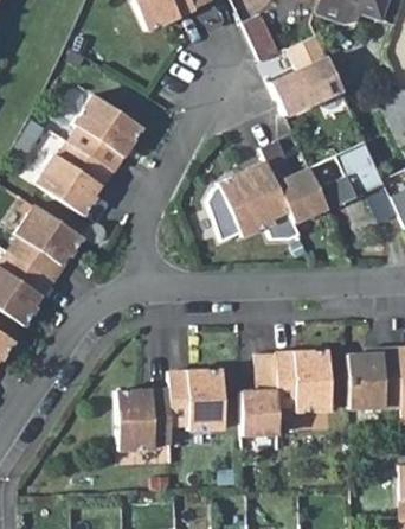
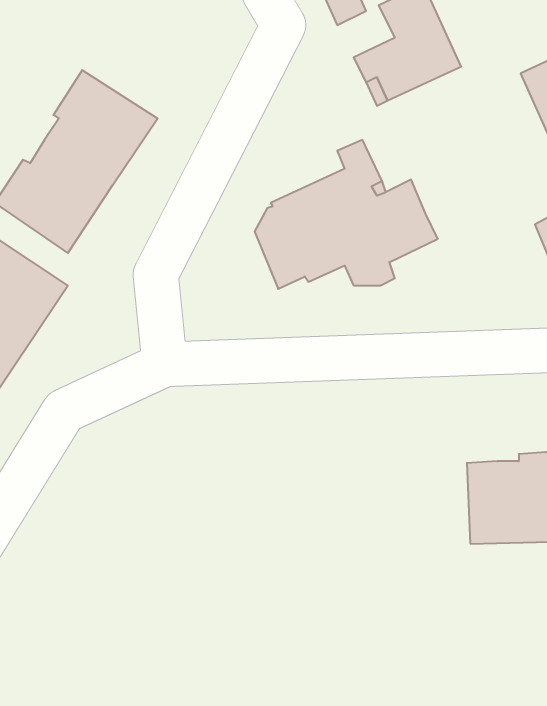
building: [320,144,386,212] -> none
building: [242,351,332,435] -> none
building: [117,370,225,450] -> none

